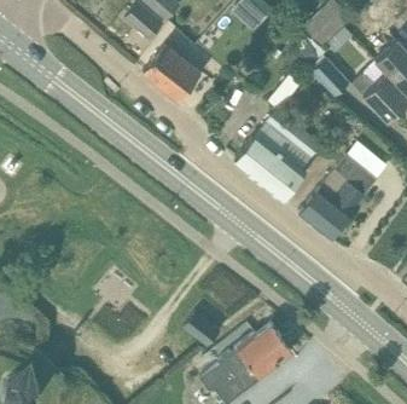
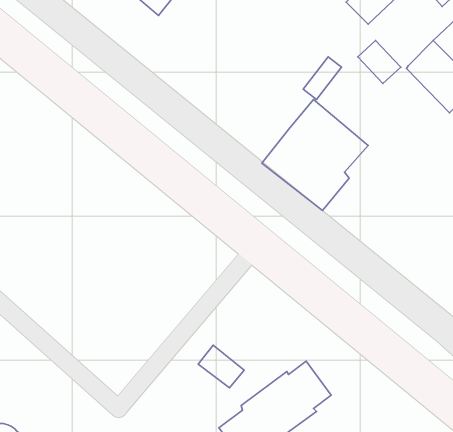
building: [143,45,200,102] -> none
building: [298,155,377,239] -> none

